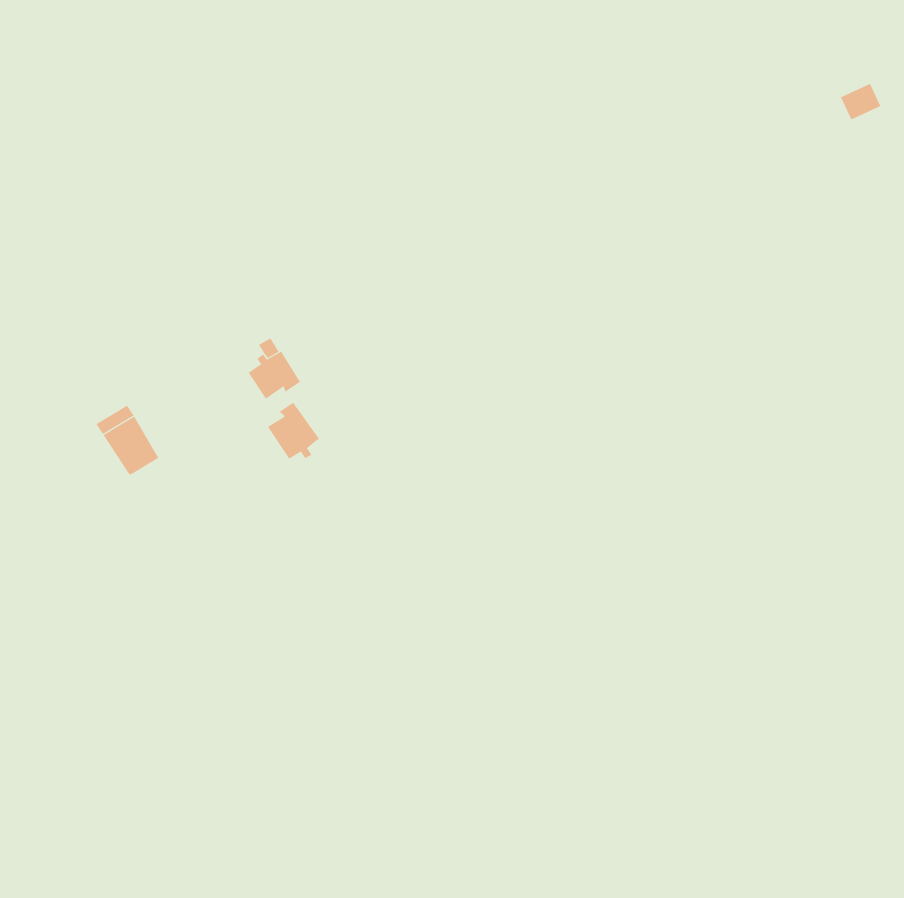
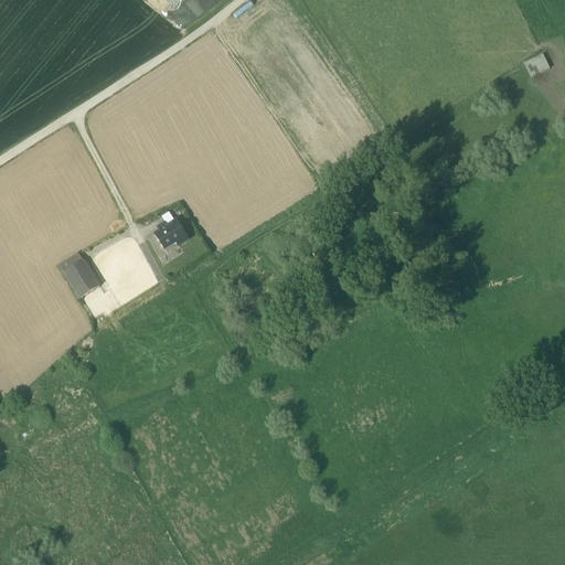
building: [267,402,320,459] -> none

